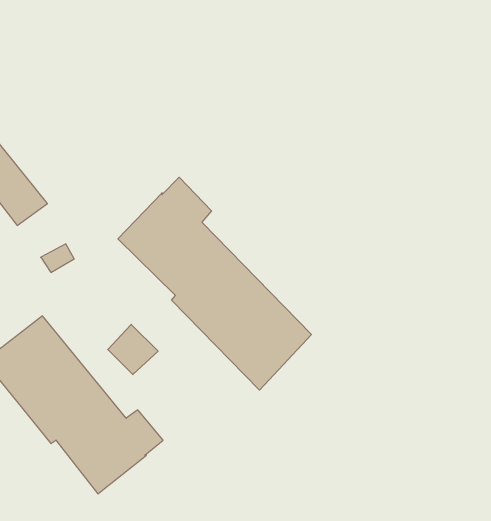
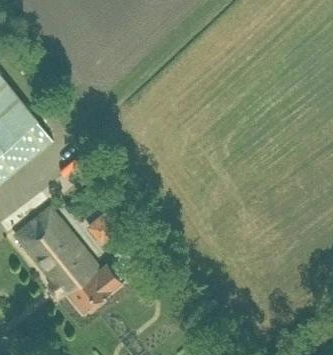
building: [118,177,311,390] -> none

